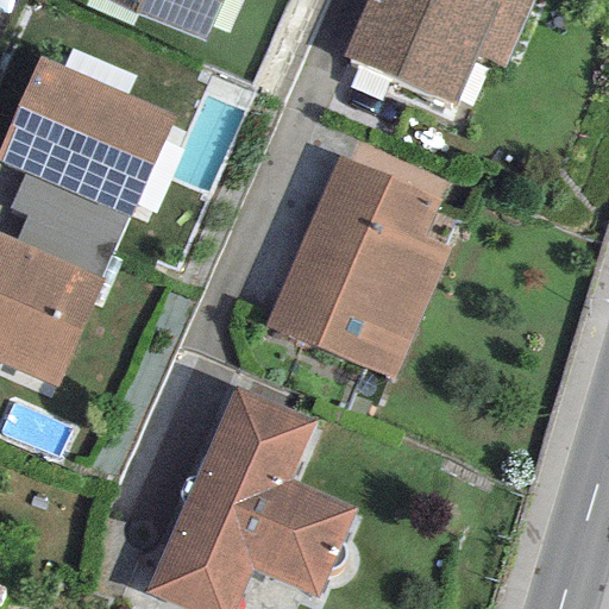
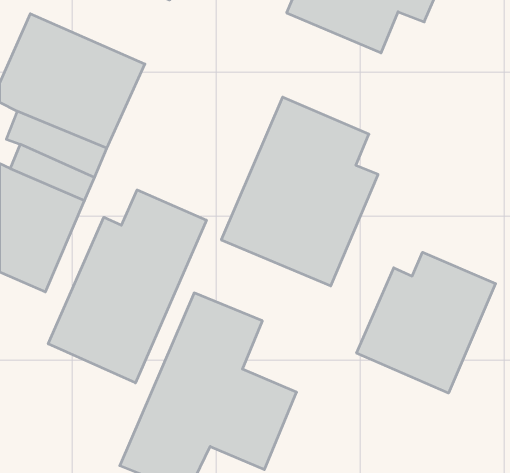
building: none -> [48,190,206,383]
building: none -> [357,252,496,393]

